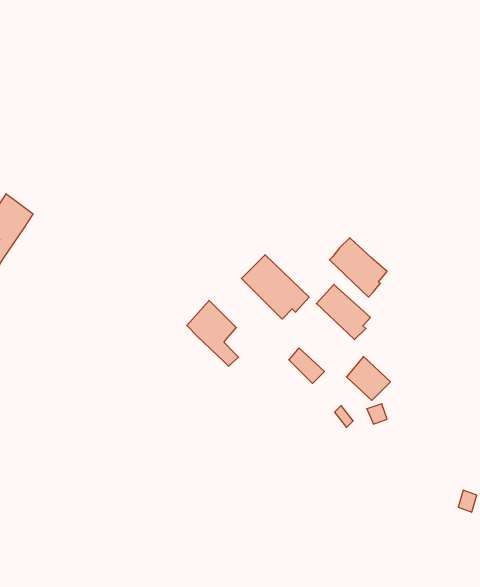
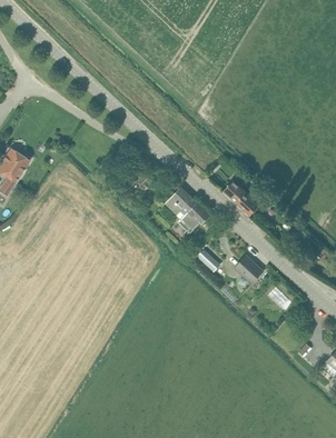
building: [316,284,370,340] -> none
building: [187,300,239,366] -> none

